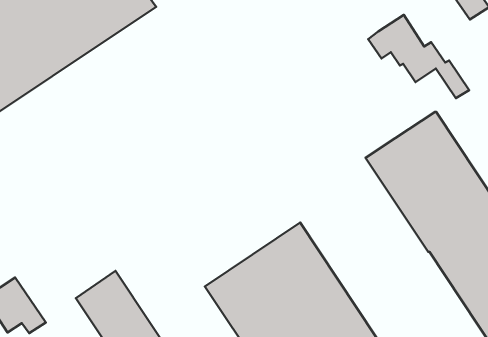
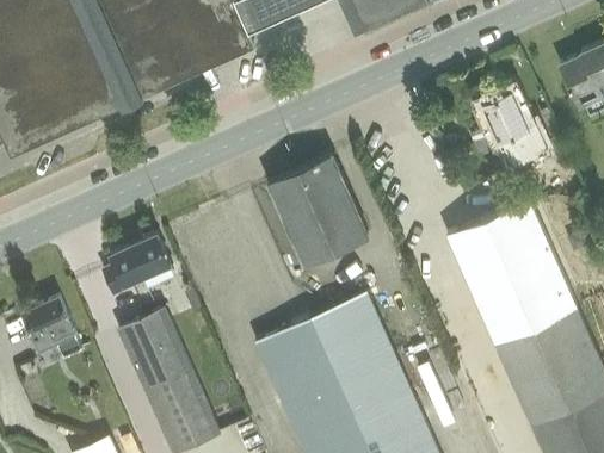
building: none -> [267,157,368,266]
building: none -> [103,235,171,292]

